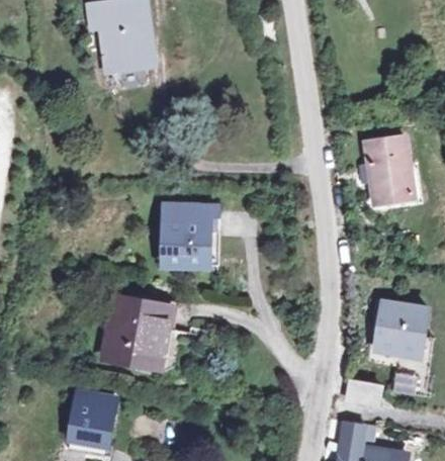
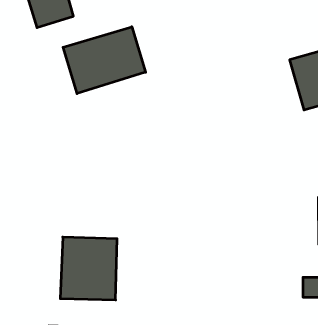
building: none -> [63,27,146,94]
building: [171,212,211,265] -> none

